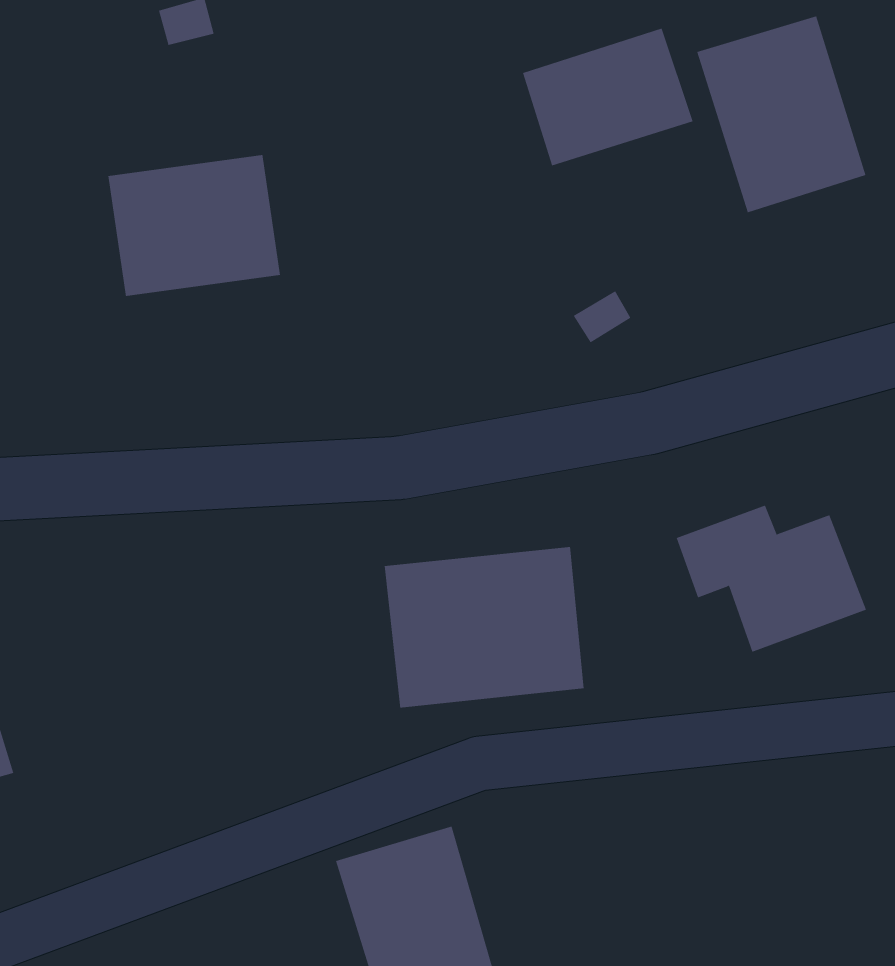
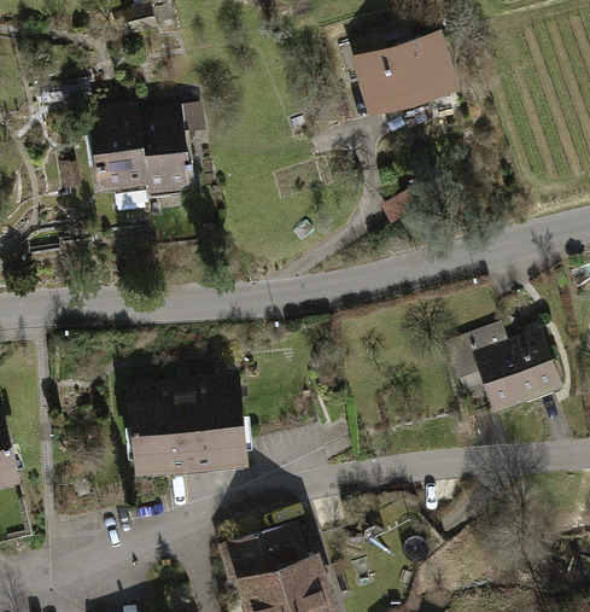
building: [696,16,866,213] -> none
building: [384,546,584,708] -> [132,385,256,485]

